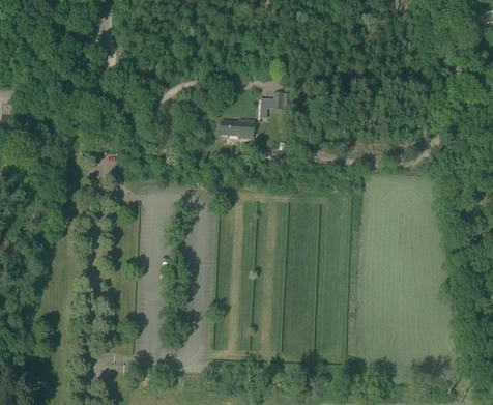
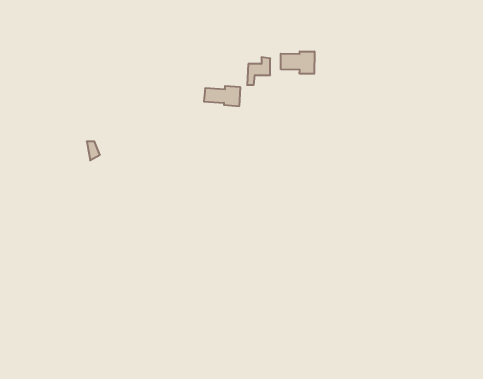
building: none -> [281,51,314,74]

